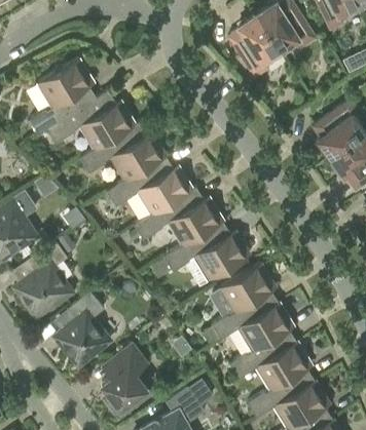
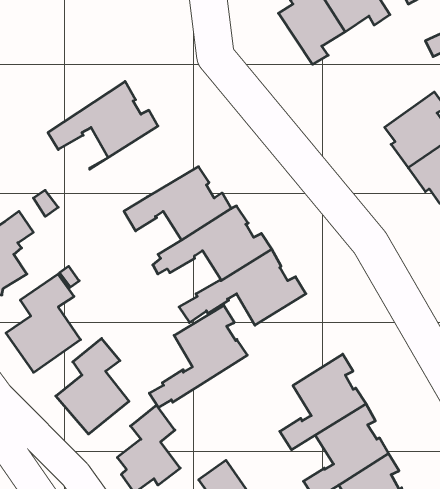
building: [30,60,96,135] -> none
building: [80,122,166,181] -> none
building: [202,265,279,345] -> [149,305,247,408]

